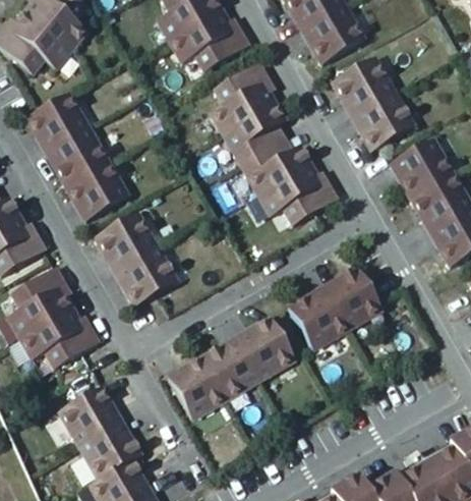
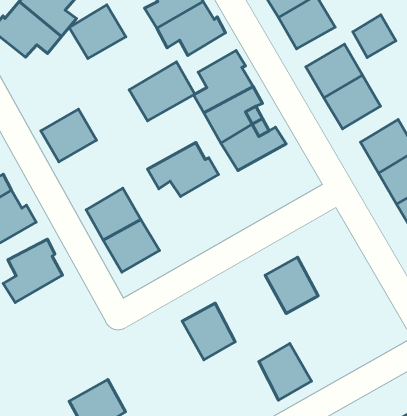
building: none -> [353,15,396,58]
building: none -> [129,62,195,121]
building: [26,93,87,151] -> [69,5,126,59]
building: [66,161,126,218] -> none
building: [259,165,336,223] -> [148,143,218,196]
building: [323,268,380,329] -> none
building: [19,307,95,365] -> none
building: [235,318,292,379] -> [259,344,312,400]
building: [167,356,223,416] -> none
building: [58,386,119,443] -> none

